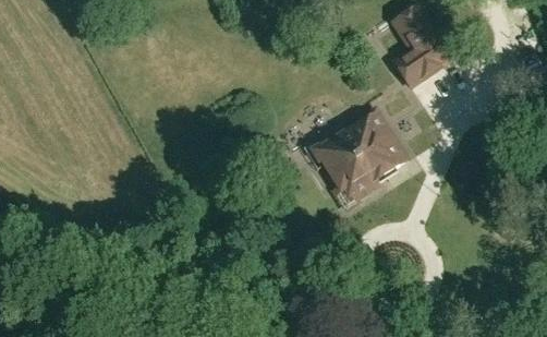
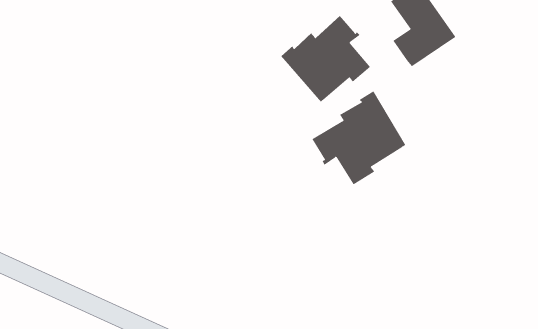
building: none -> [280,15,371,102]

